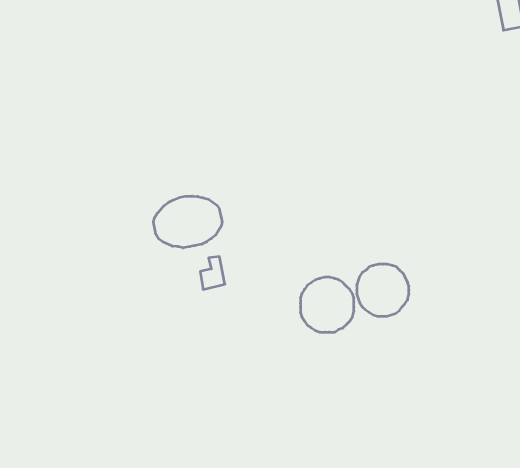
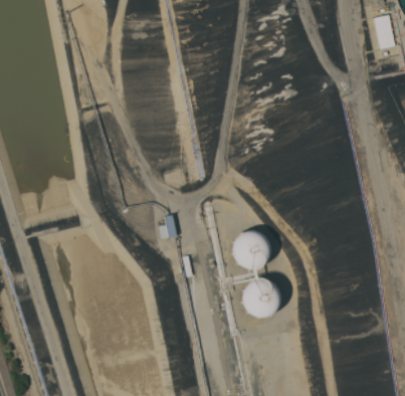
building: [153,196,222,248] -> none
building: [357,264,409,316] -> [242,277,280,316]

